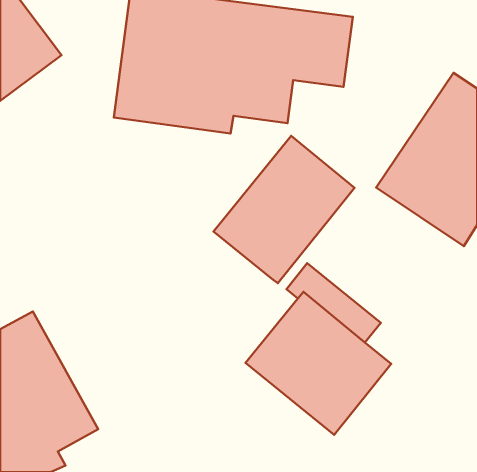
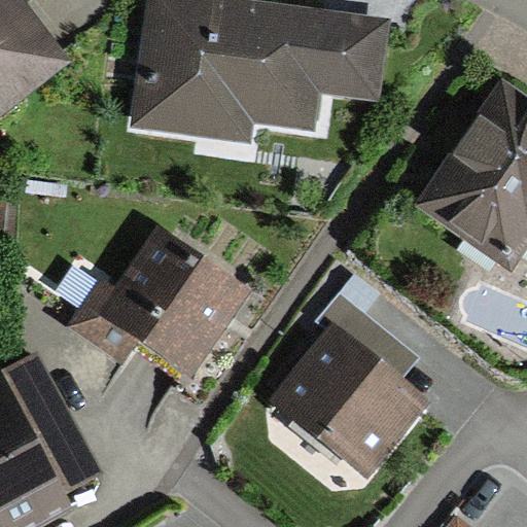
building: [214,136,354,283] -> none
building: none -> [62,222,252,379]

